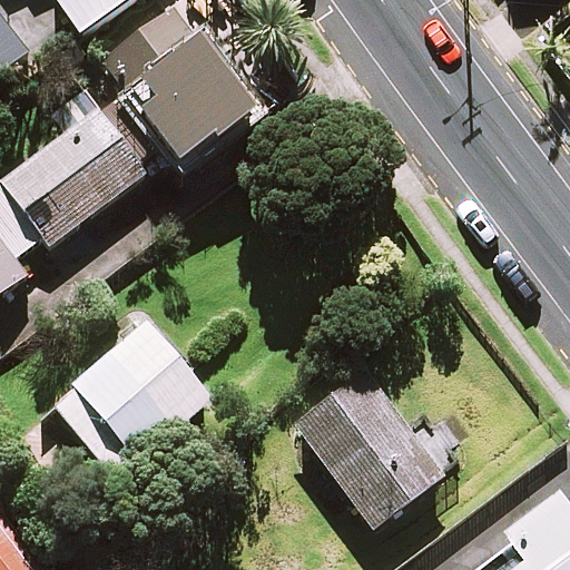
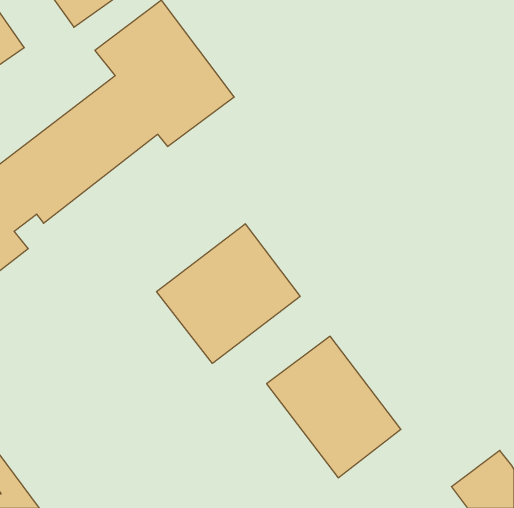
building: none -> [157,224,300,363]
building: [52,322,210,476] -> none

